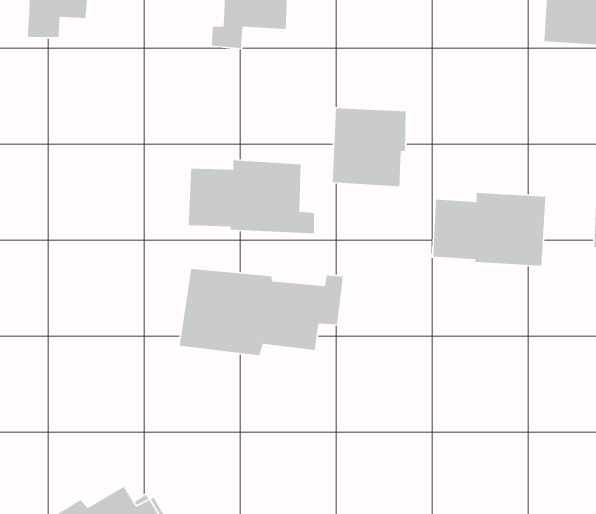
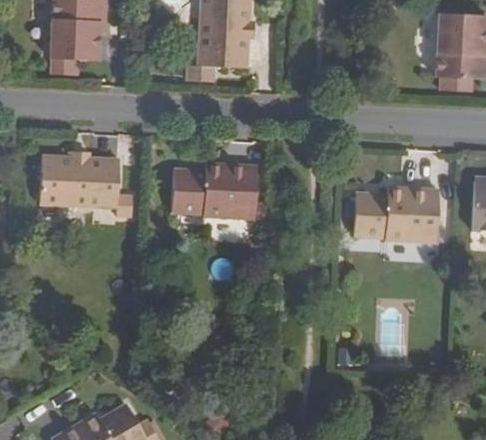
building: [332,108,406,187] -> none
building: none -> [40,157,133,219]
building: [179,268,343,356] -> none

